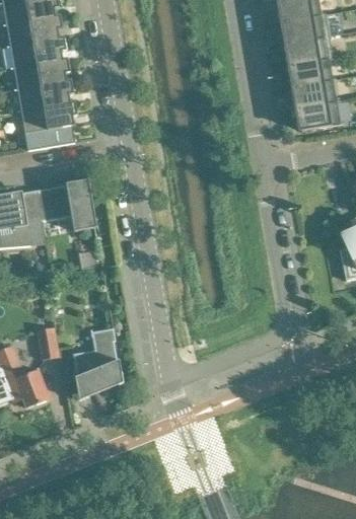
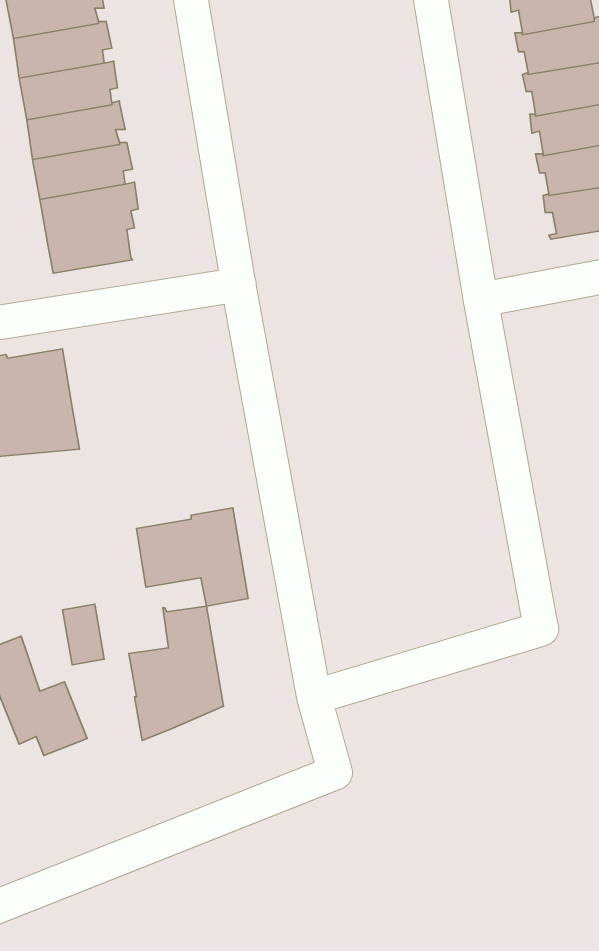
building: [35,178,95,231] -> [136,508,248,606]

